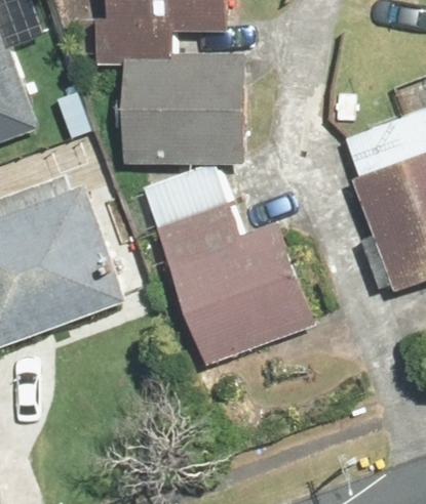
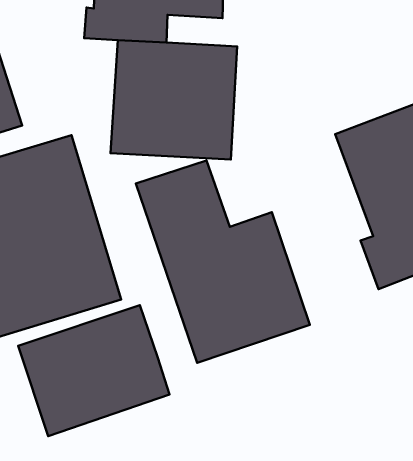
building: none -> [18,305,169,436]

